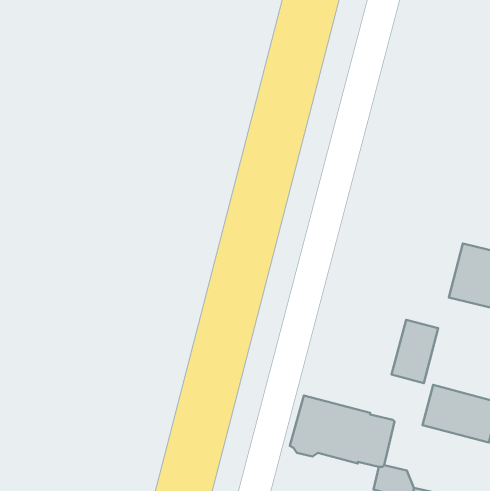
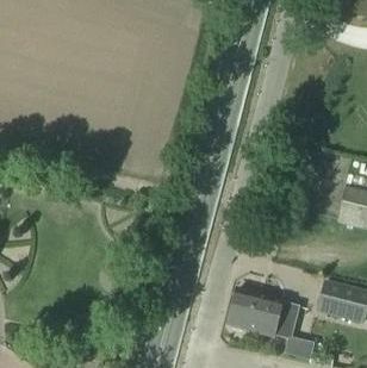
building: [392,320,438,383] -> none

